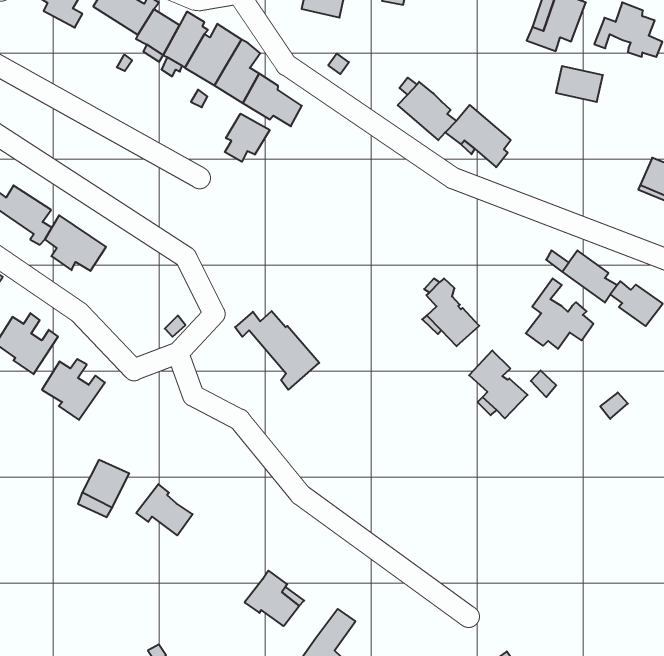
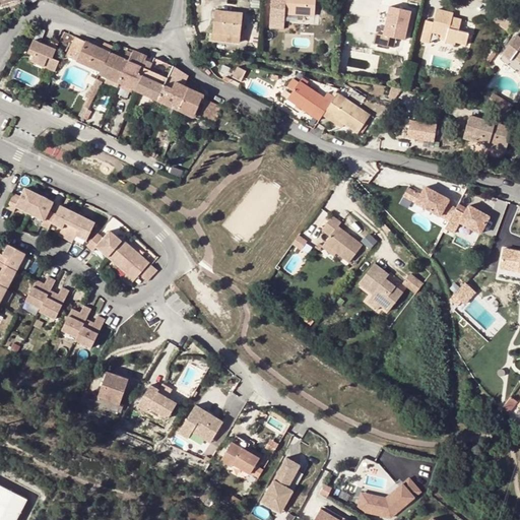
building: [556,66,603,102] -> [404,119,436,141]
building: [225,114,270,162] -> none
building: [526,278,593,349] -> none
building: [235,311,319,390] -> [85,231,147,284]
building: none -> [178,405,222,444]

